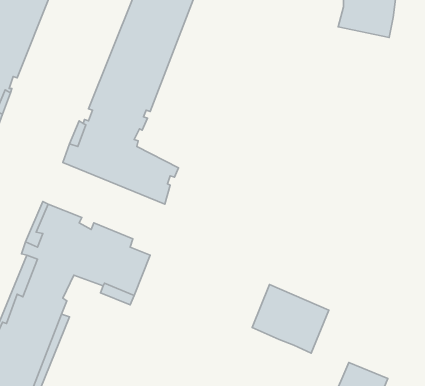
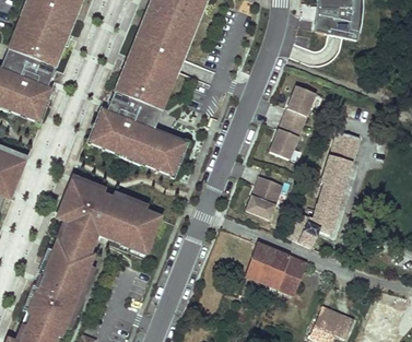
building: none -> [271,86,316,158]
building: none -> [290,118,364,247]
building: none -> [248,177,281,217]

